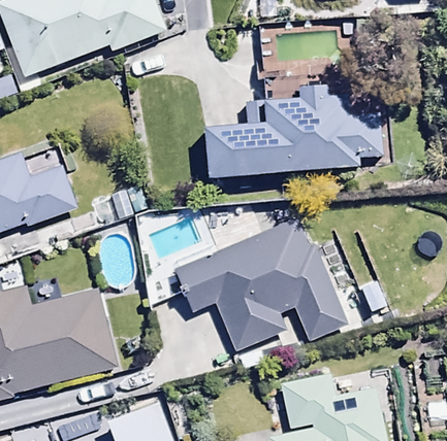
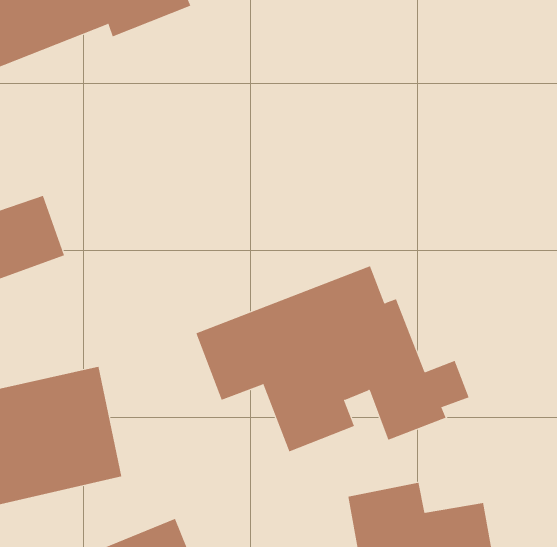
building: [204,83,386,178] -> none

